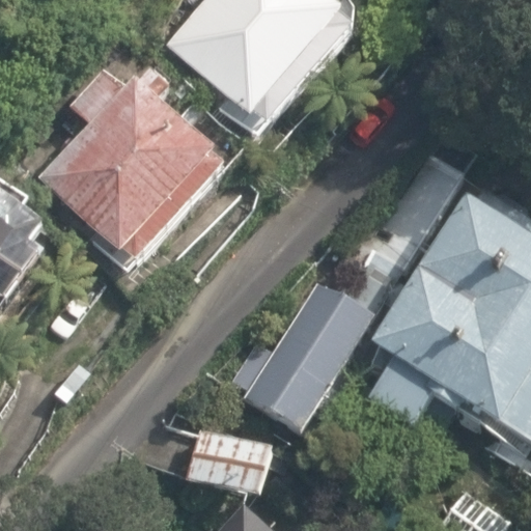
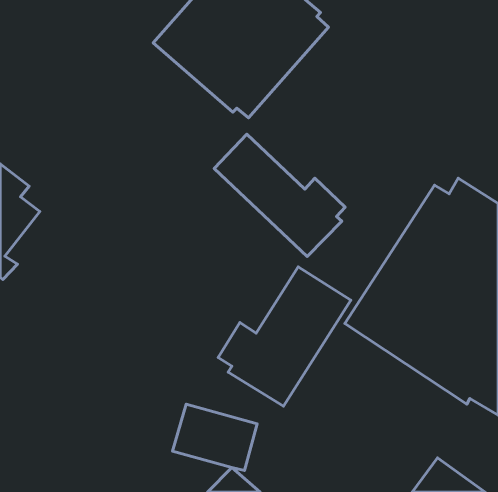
building: [39,66,222,260] -> none
building: none -> [214,134,345,257]

